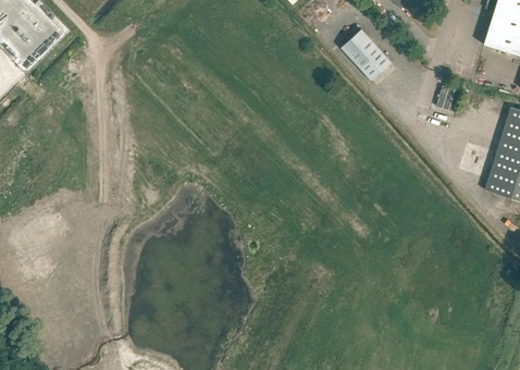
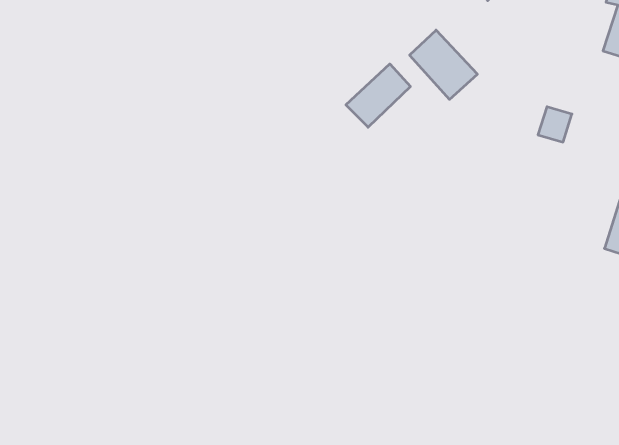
building: none -> [346,64,410,127]

